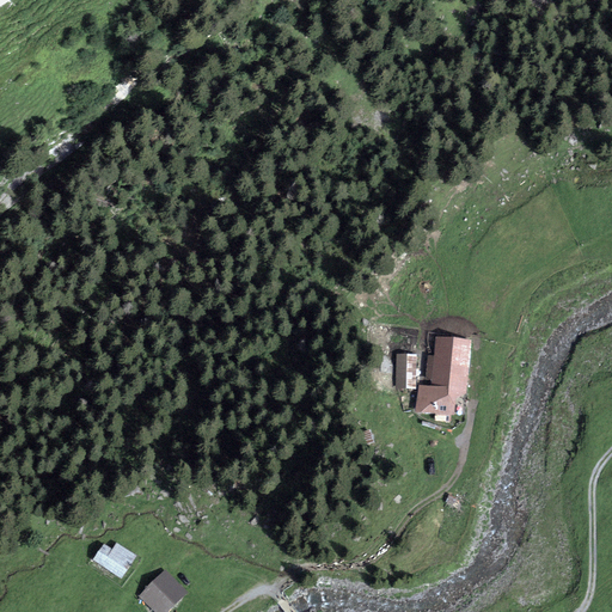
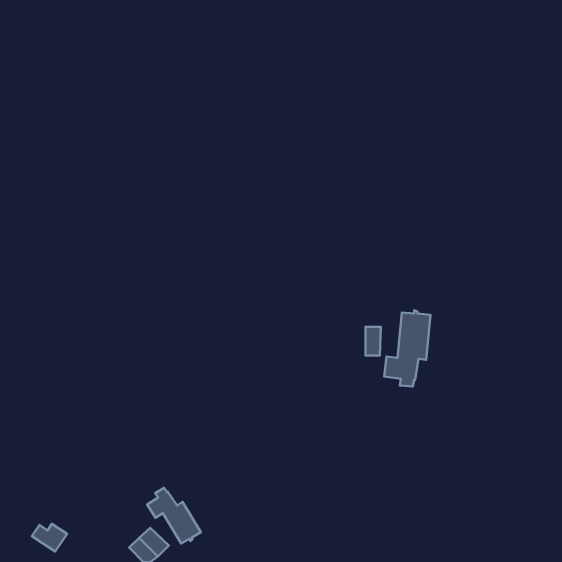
building: none -> [147,488,201,544]
building: [93,544,131,574] -> [32,524,67,551]

